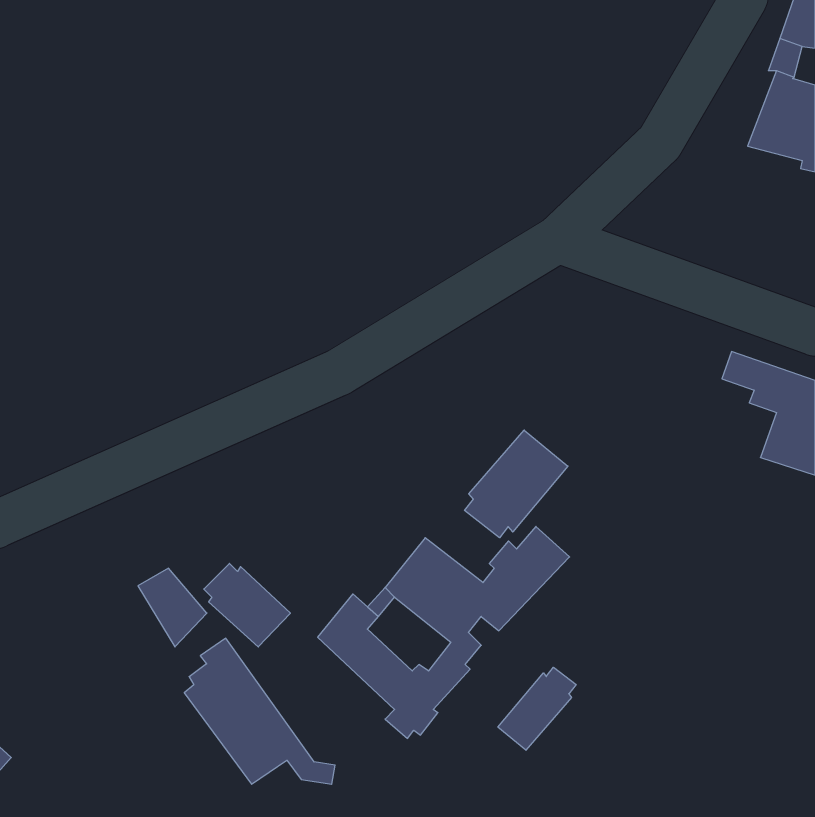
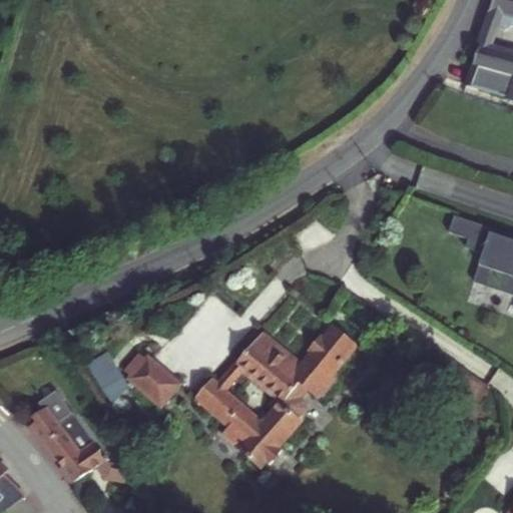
building: [465,430,568,538] -> none
building: [184,638,335,784] -> [36,393,130,484]
building: [498,667,576,750] -> none

